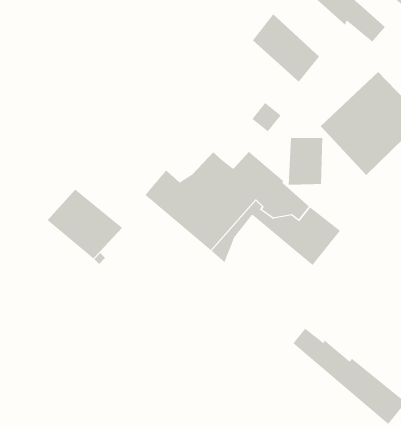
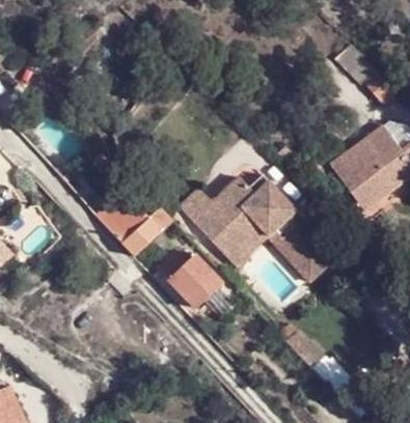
building: [252,14,320,82] -> none
building: [288,137,323,185] -> none
building: none -> [163,249,218,307]

